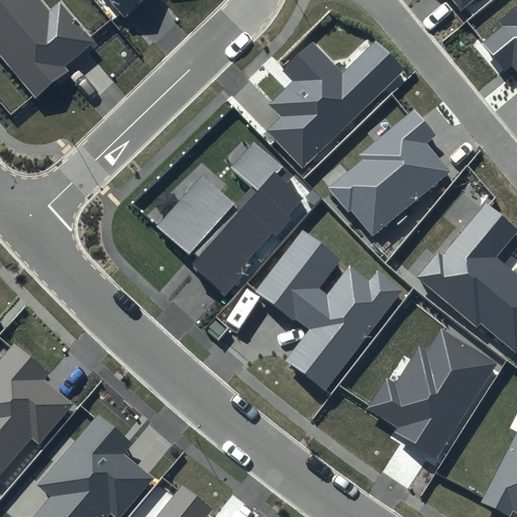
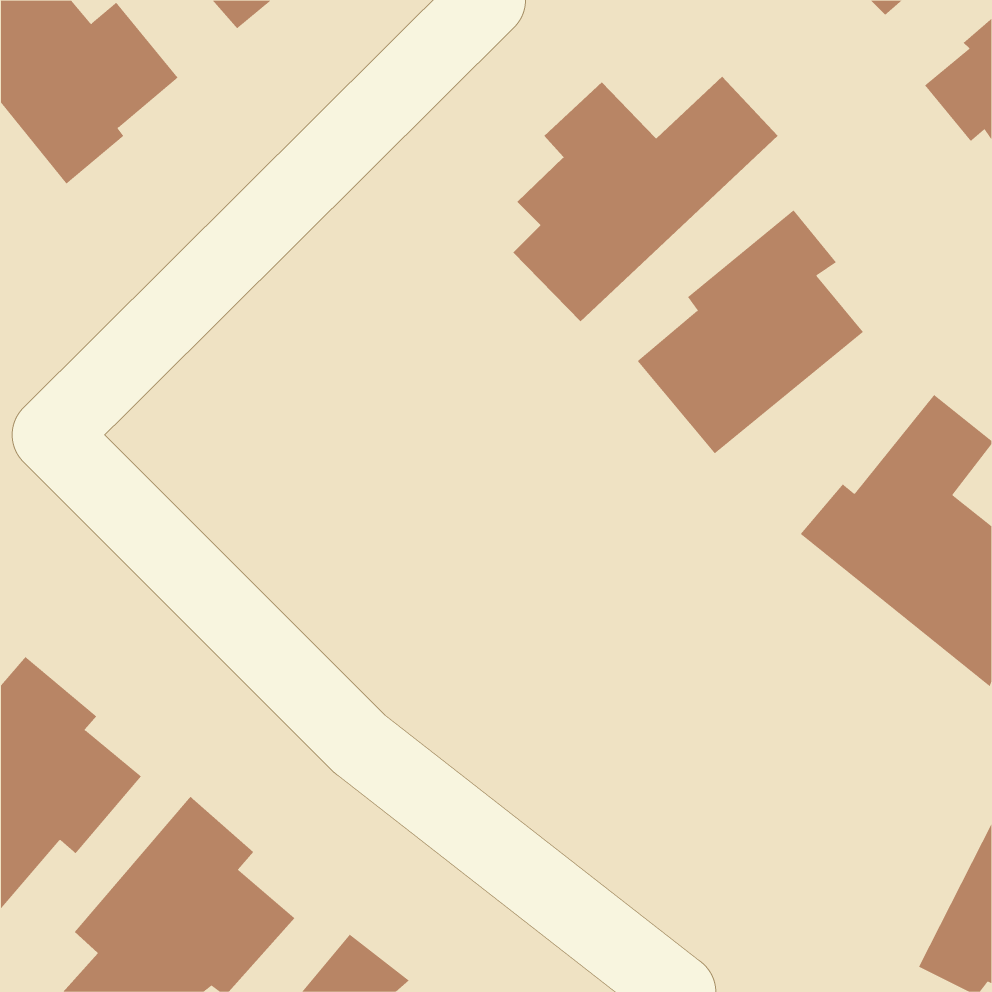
building: [160,140,304,293] -> none
building: [255,230,401,391] -> none
building: [368,331,495,459] -> none

